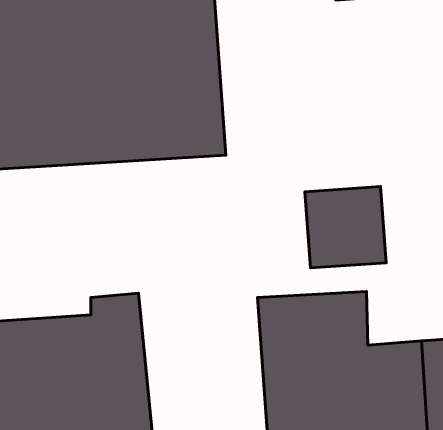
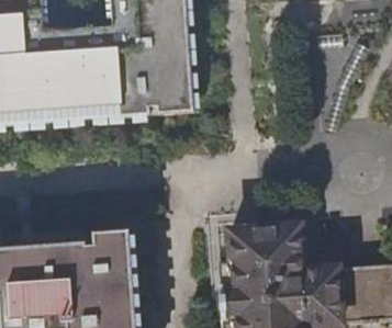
building: [305,187,386,268] -> none

